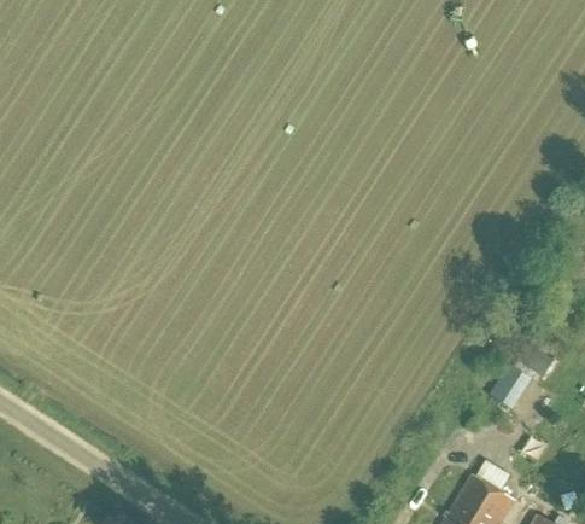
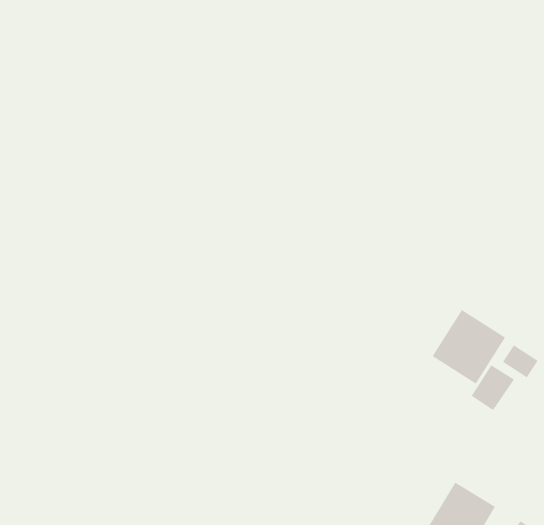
building: none -> [432,309,506,385]

